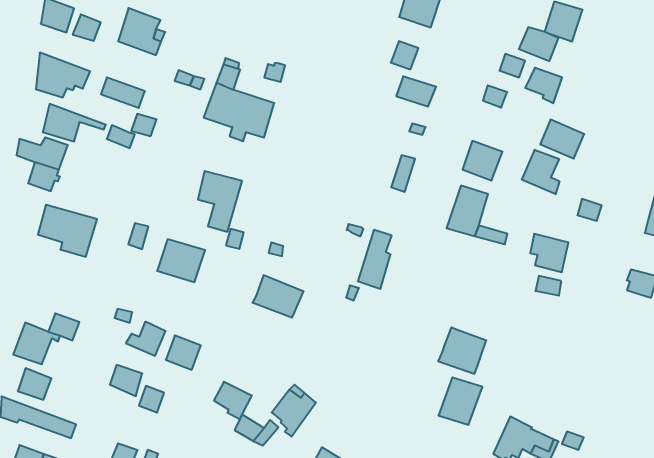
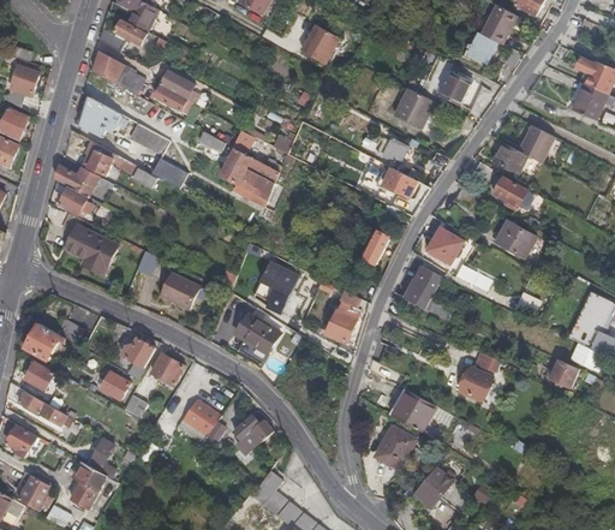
building: [522,150,559,194] -> none
building: [198,171,242,232] -> [259,261,299,315]
building: [530,234,568,272] -> [456,365,490,401]

